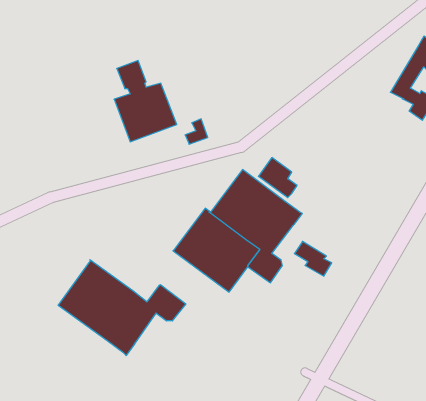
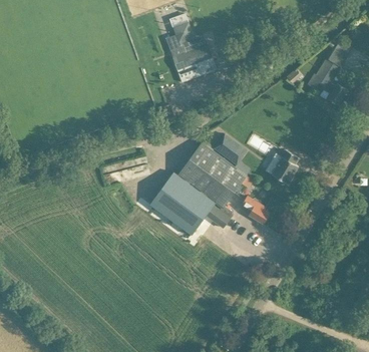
building: [114,61,177,142] -> [169,21,217,82]
building: none -> [265,149,299,184]
building: [58,260,186,356] -> none

